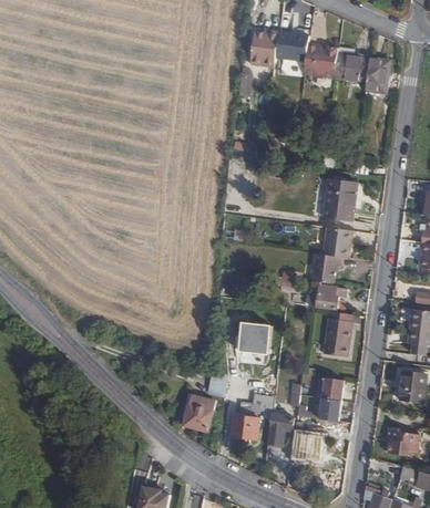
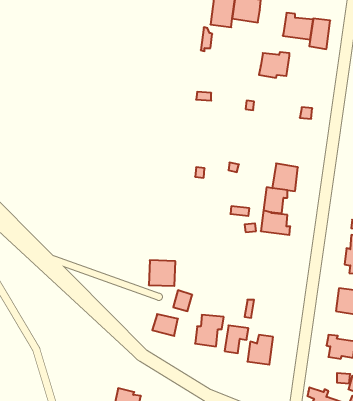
building: [303,45,338,75] -> [259,52,289,78]
building: [321,176,357,220] -> none
building: [321,317,351,356] -> none
building: [242,324,273,354] -> [149,260,175,286]
building: [319,379,347,422] -> none

